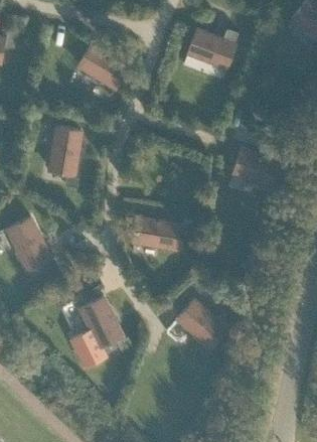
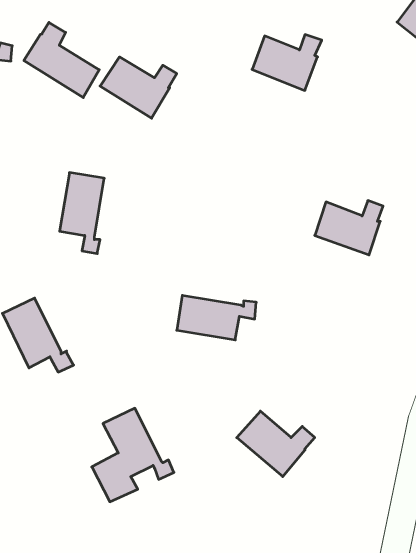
building: none -> [24,22,99,98]

